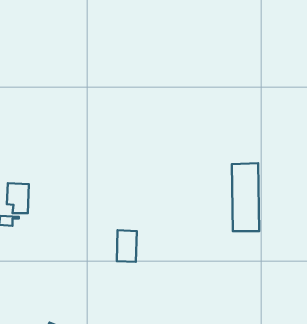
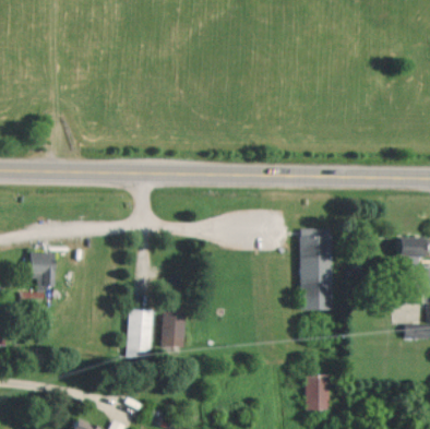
building: none -> [127,309,152,357]
building: none -> [304,376,330,410]

